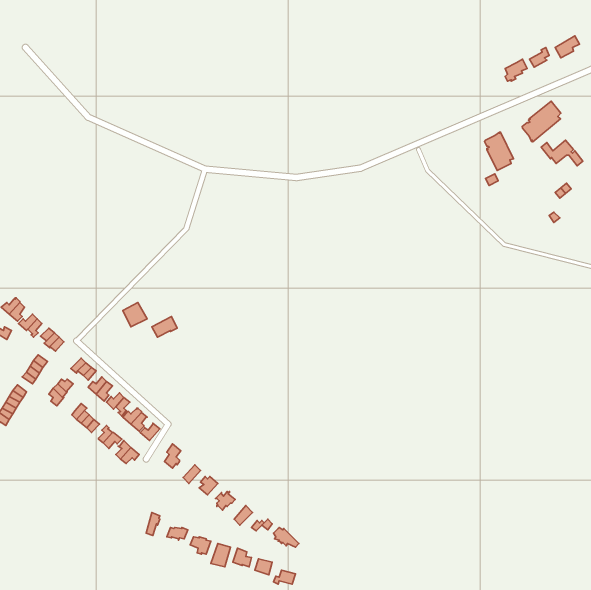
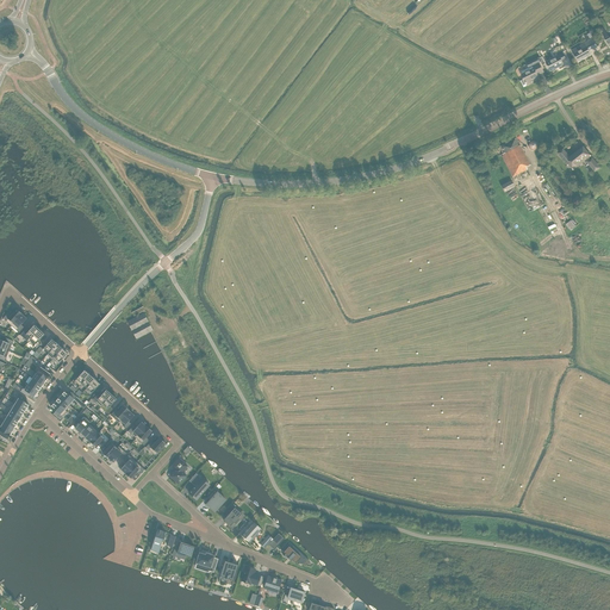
building: [522,101,561,142] -> none

